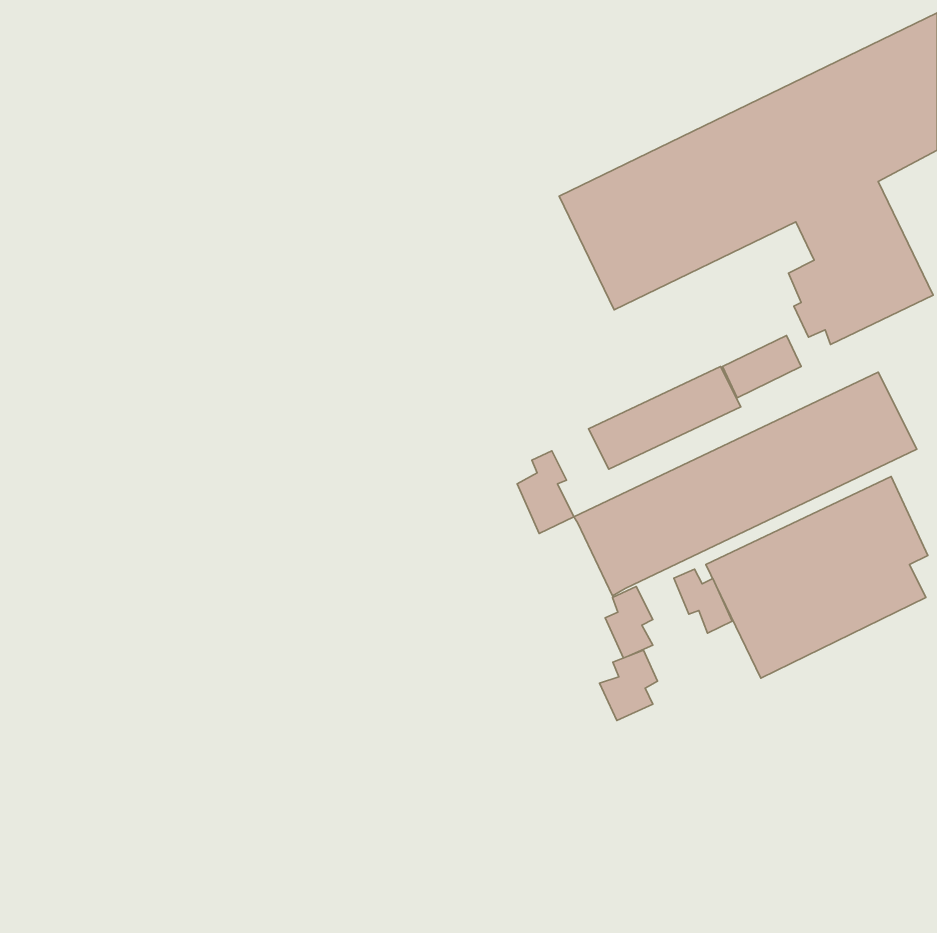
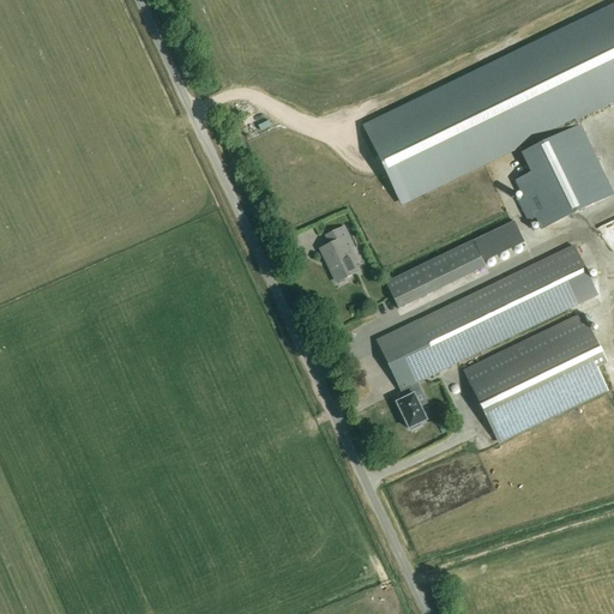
building: [517,451,574,533] -> [321,227,359,281]
building: [674,569,732,633] -> none
building: [599,650,657,721] -> none

